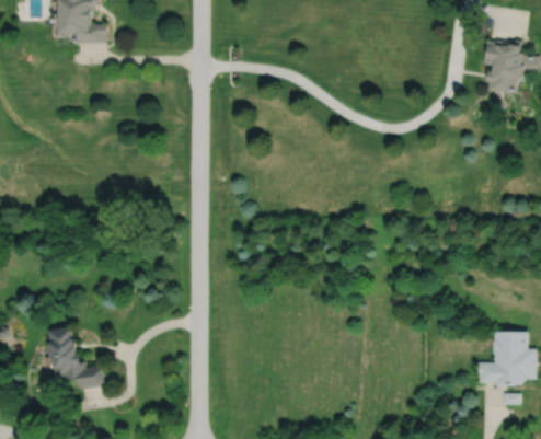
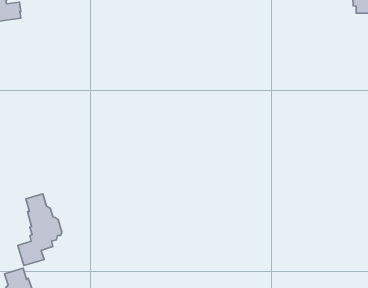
building: none -> [18,194,62,265]

